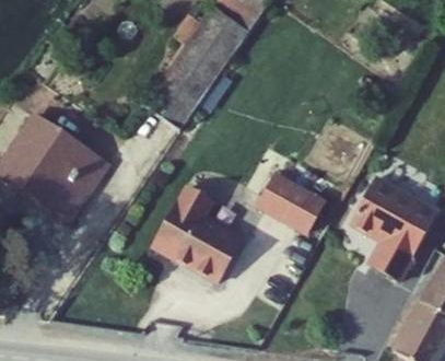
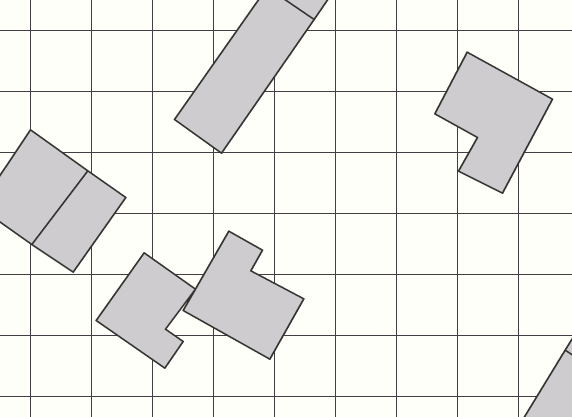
building: [257,175,321,233] -> none
building: [348,175,435,280] -> [435,52,553,193]
building: none -> [96,253,195,368]

